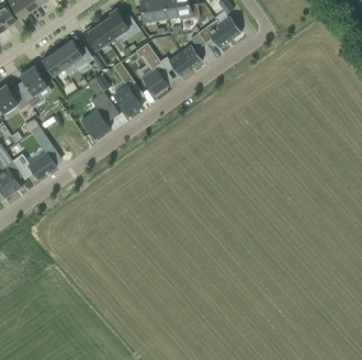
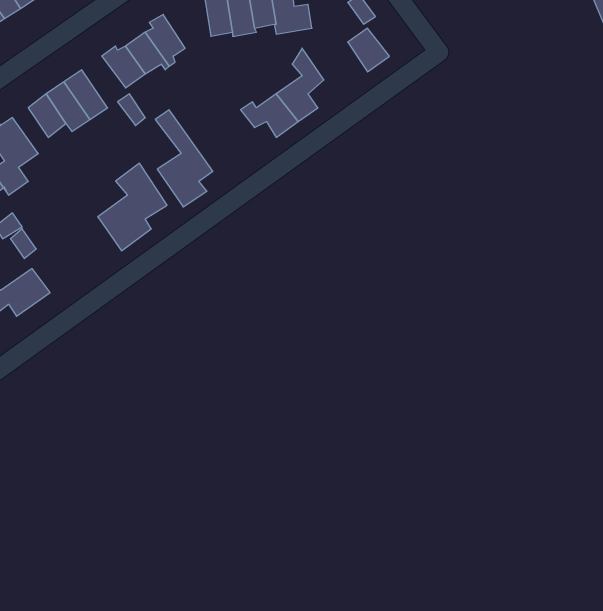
building: [194,19,230,48] -> none
building: [136,43,169,98] -> none

